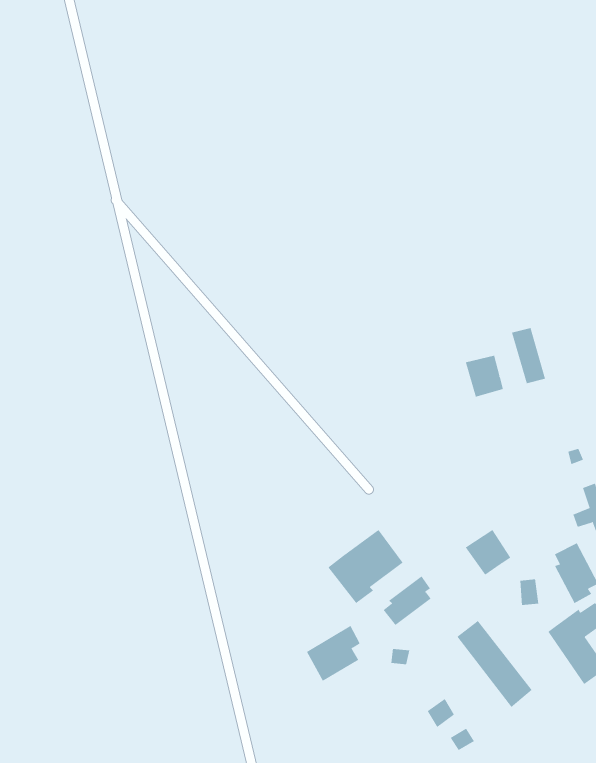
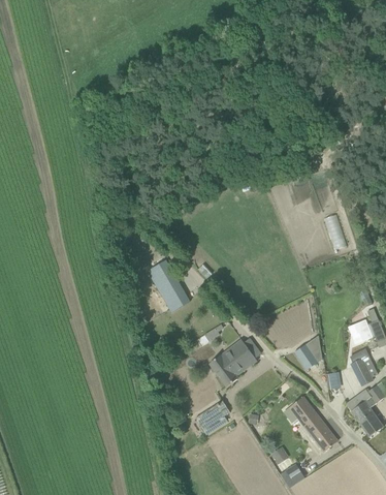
building: [465,355,504,397] -> none
building: none -> [149,257,190,310]
building: [383,576,431,626] -> none

